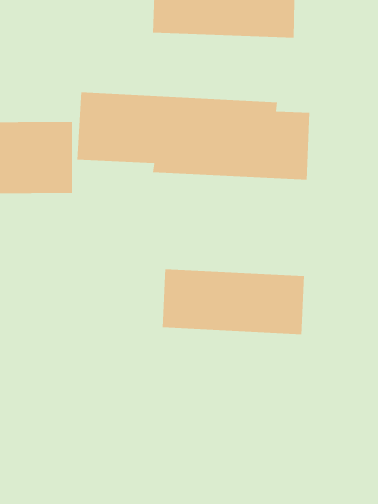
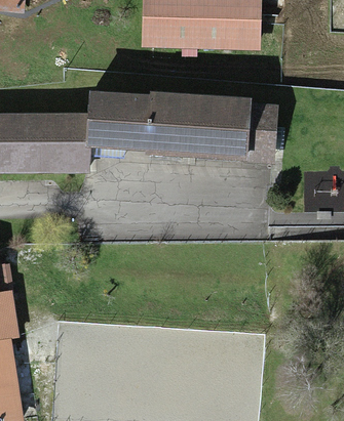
building: [162,268,304,335] -> none

